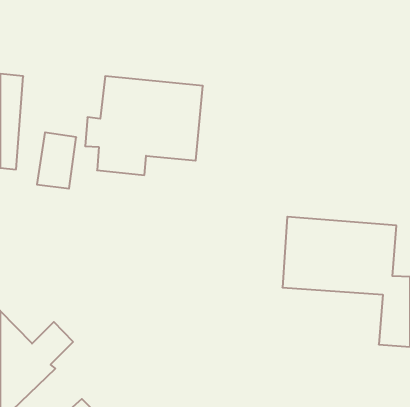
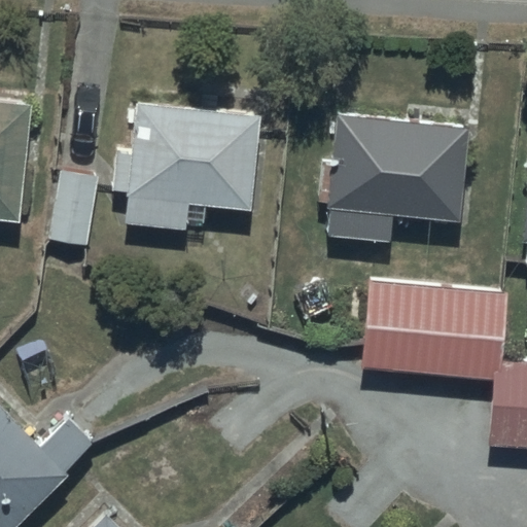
building: none -> [326,112,465,242]

